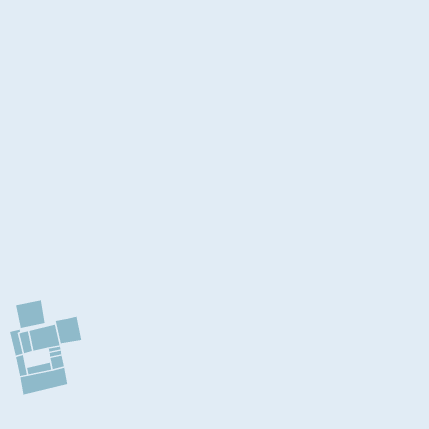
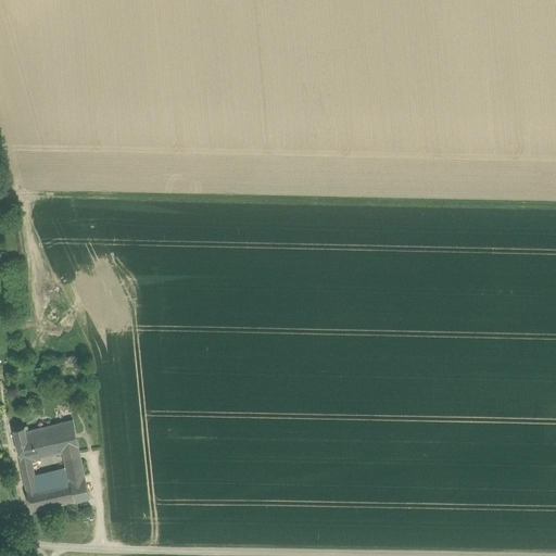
building: [15,300,45,329] -> none
building: [55,316,82,344] -> none

